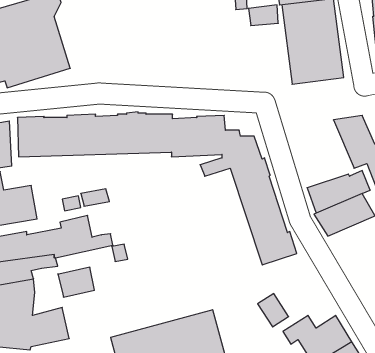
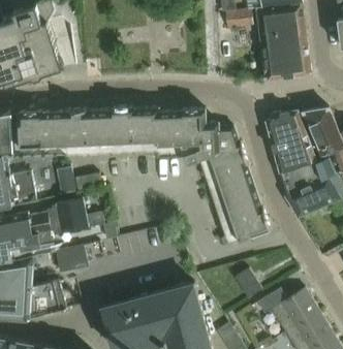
building: none -> [266,112,316,173]

